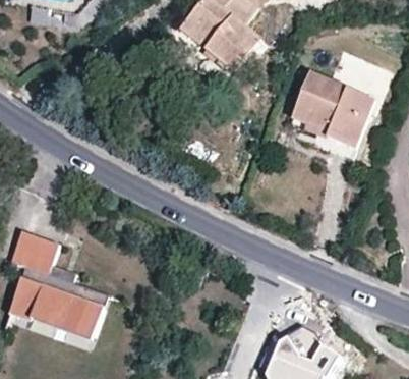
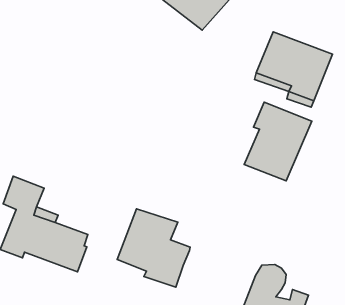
building: none -> [244,102,312,181]
building: none -> [117,209,190,287]

